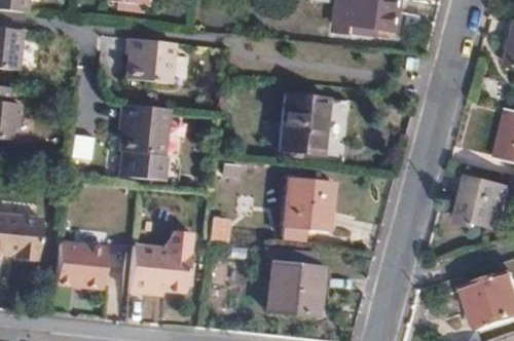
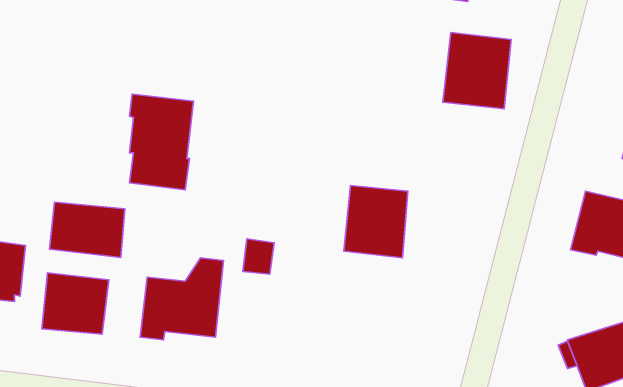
building: [123,39,174,87] -> none
building: [279,97,330,154] -> [443,33,511,109]
building: none -> [49,202,125,257]
building: [267,262,321,314] -> none

